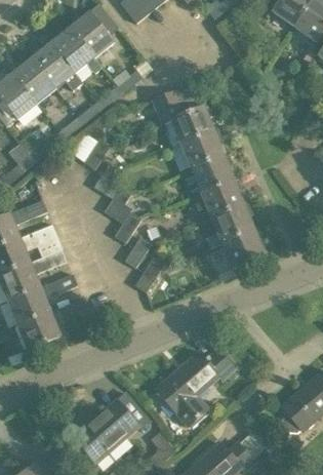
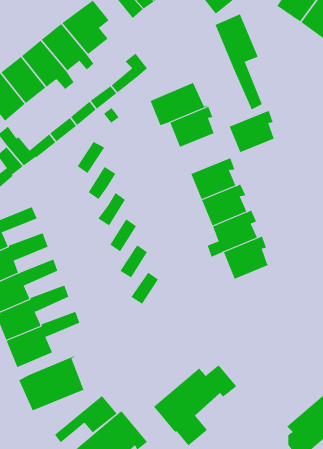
building: none -> [215,13,263,110]
building: [179,129,228,169] -> [229,110,280,153]
building: none -> [19,355,84,411]
building: none -> [54,395,117,443]

